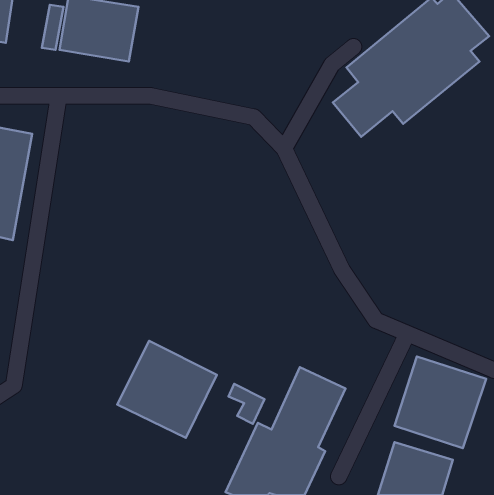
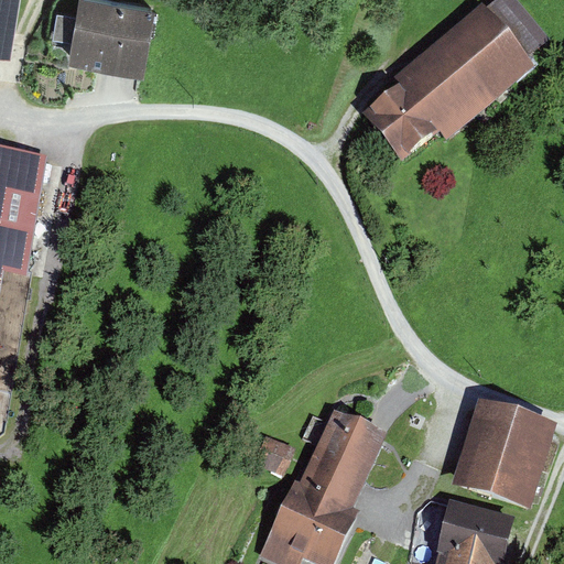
building: [117,341,217,438] -> none

